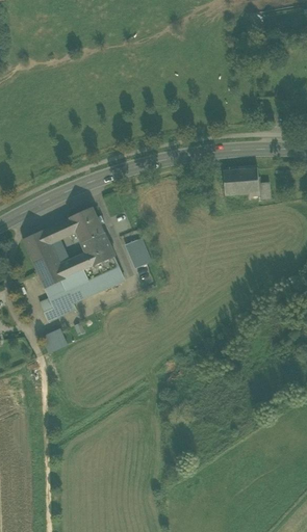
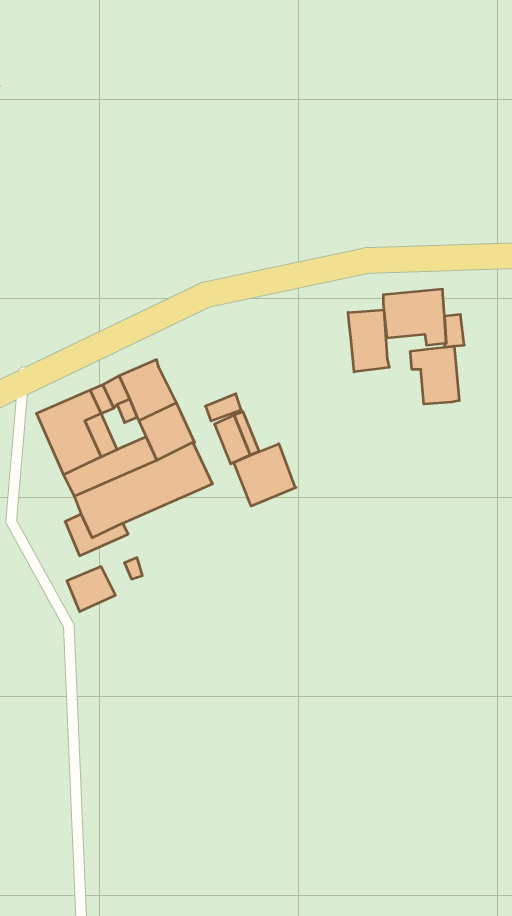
building: none -> [348,310,389,372]
building: none -> [410,346,459,404]
building: none -> [234,444,296,506]

